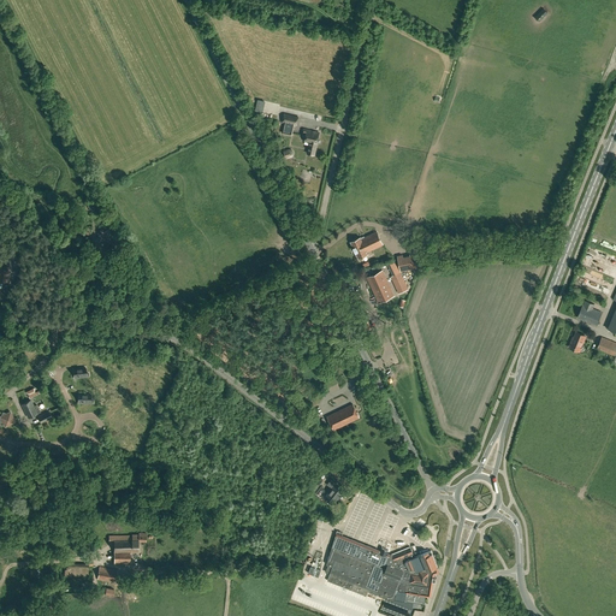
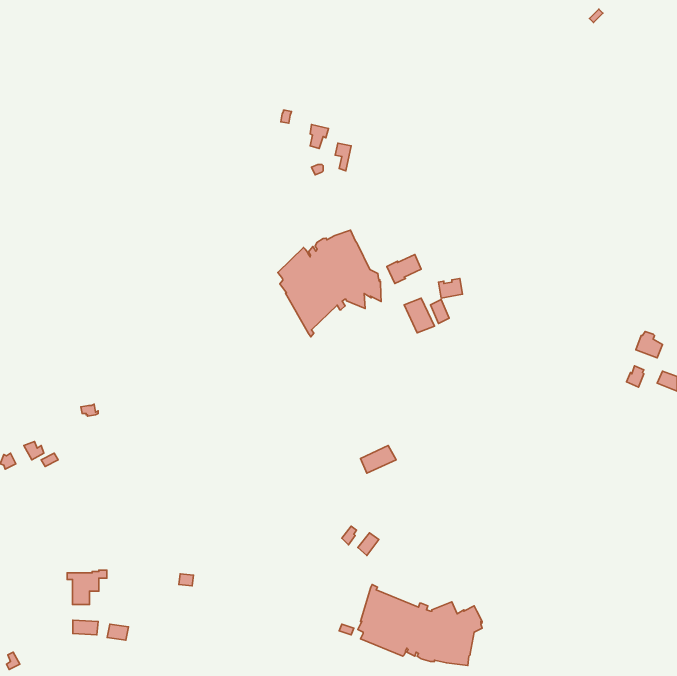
building: none -> [278,230,381,337]
building: [109,534,146,565] -> [67,570,107,605]

